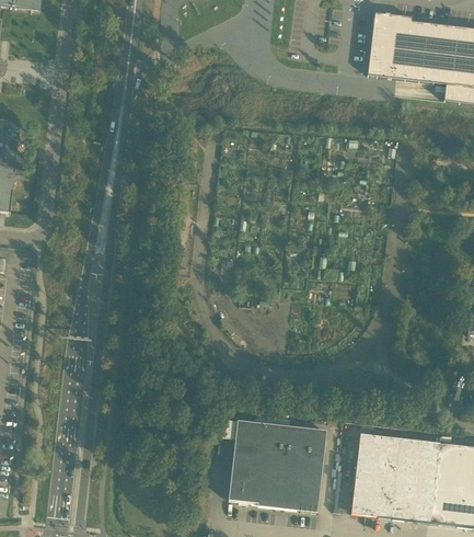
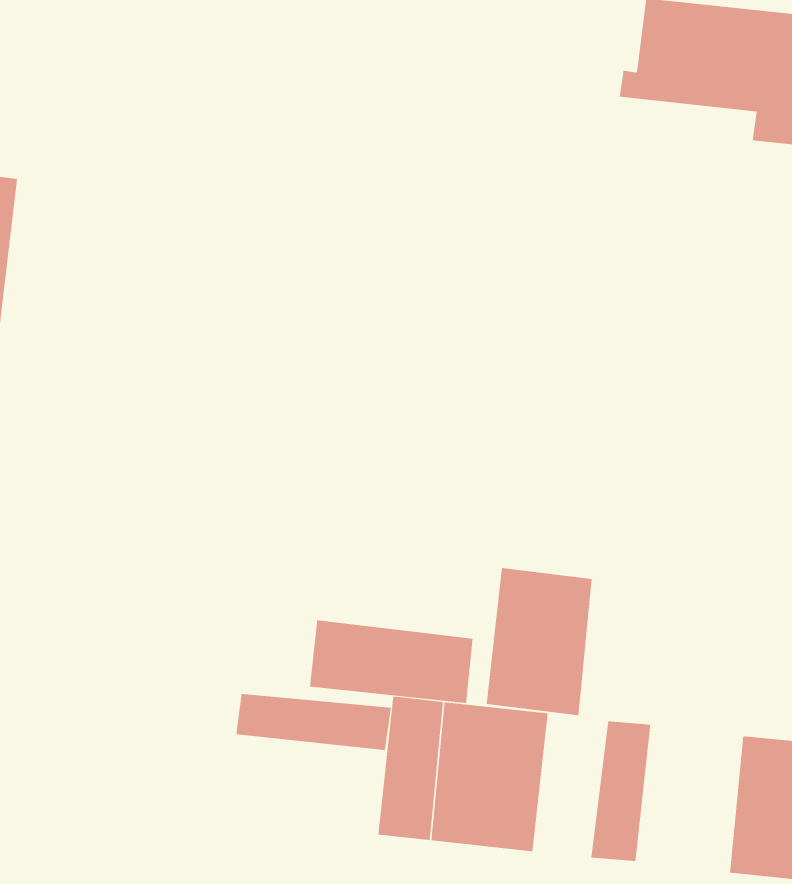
building: none -> [309,619,473,704]
building: none -> [236,693,391,751]
building: [377,436,438,522] -> [486,567,592,716]

